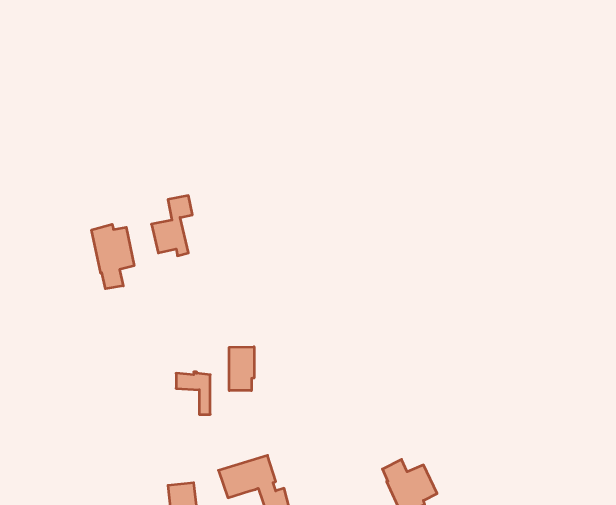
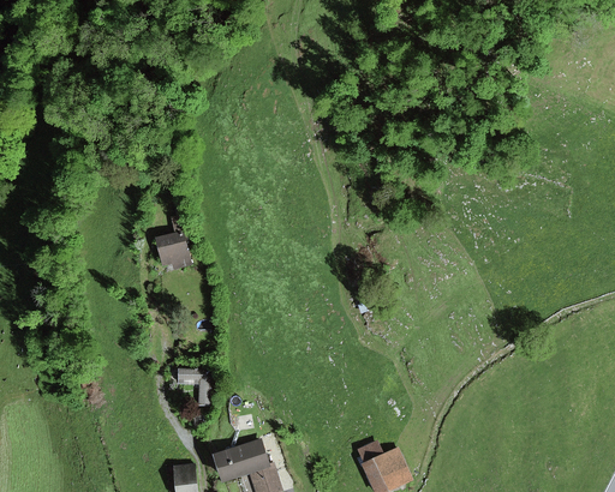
building: [92,224,134,289] -> none
building: [229,347,254,391] -> none

